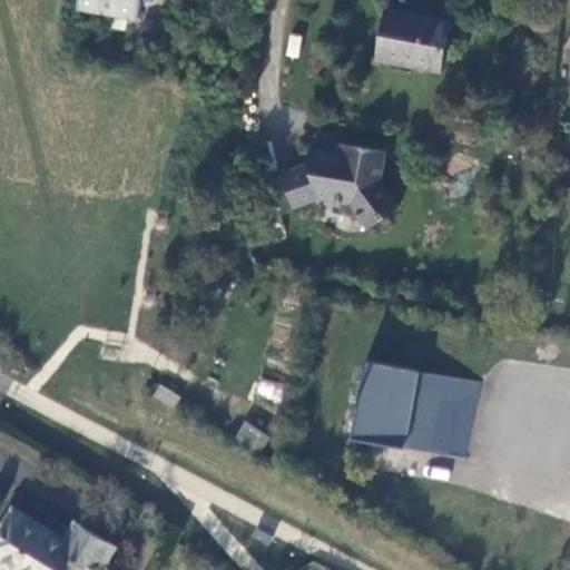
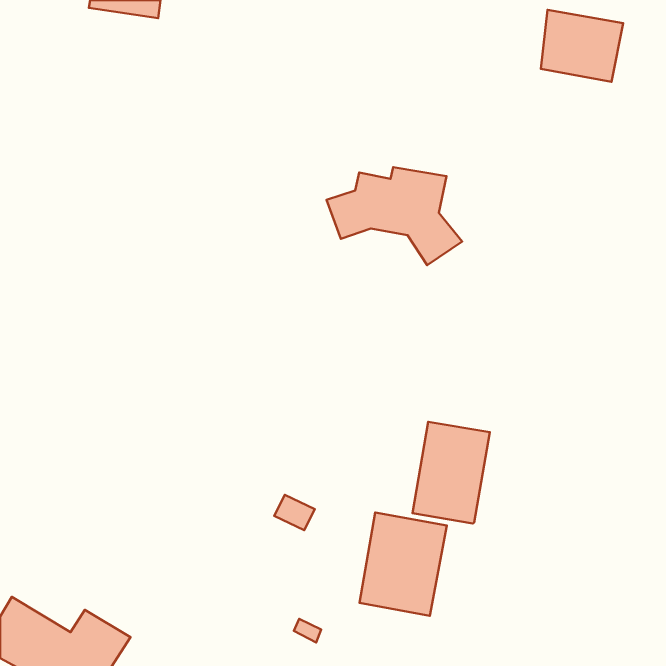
building: [379,12,449,73] -> [541,10,623,82]
building: [405,370,480,458] -> [359,513,447,616]

